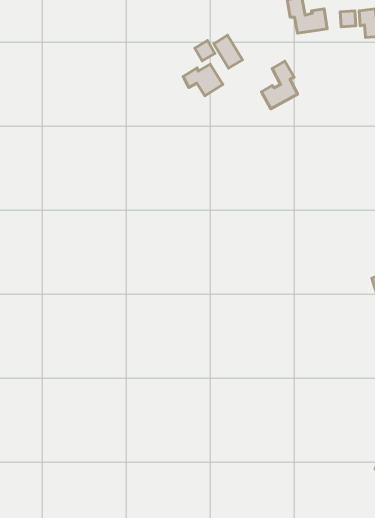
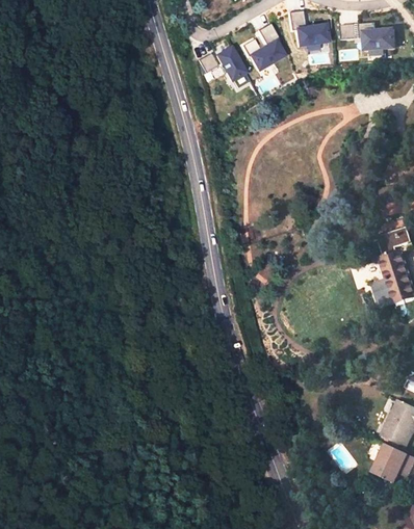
building: [261,61,298,109] -> [251,21,286,68]
building: [183,64,223,96] -> none

